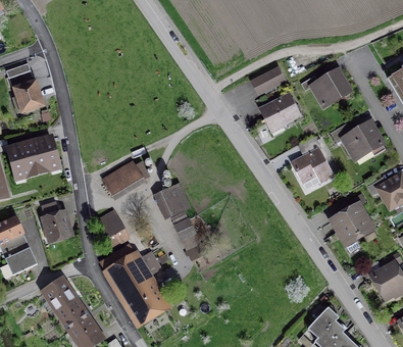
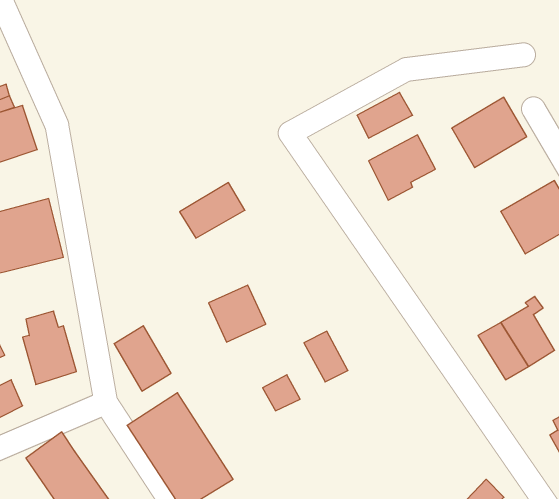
building: [287,145,332,182] -> none
building: [101,162,142,197] -> [180,183,245,238]
building: [174,214,202,246] -> [304,331,348,382]

